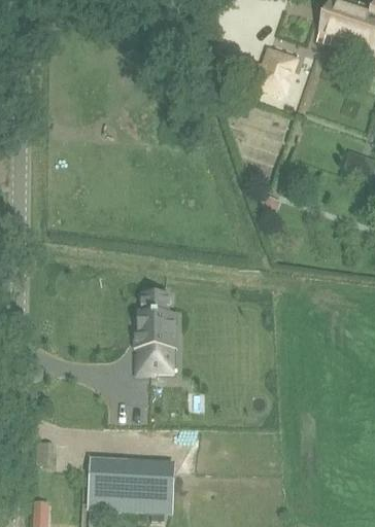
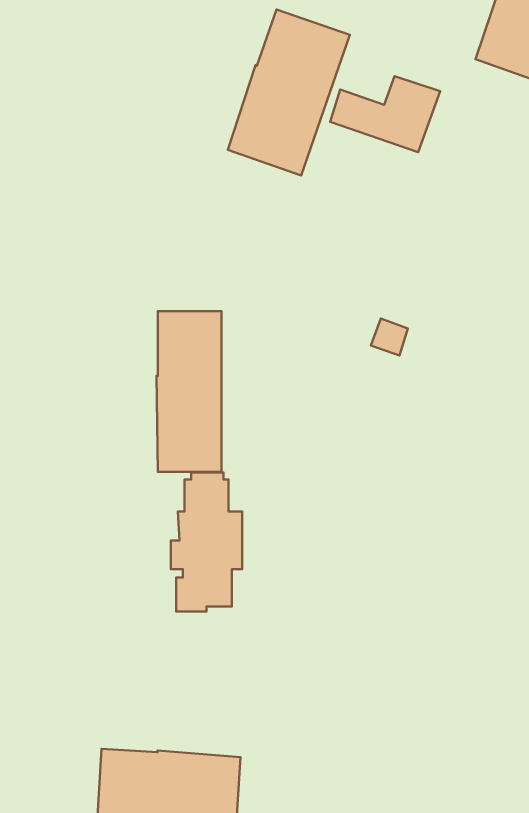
building: none -> [228,9,350,175]
building: none -> [156,311,221,472]

